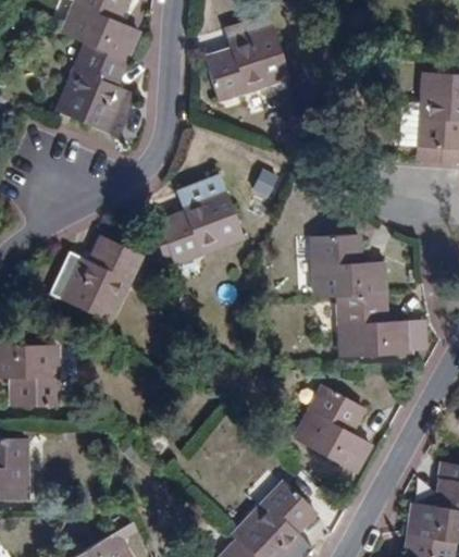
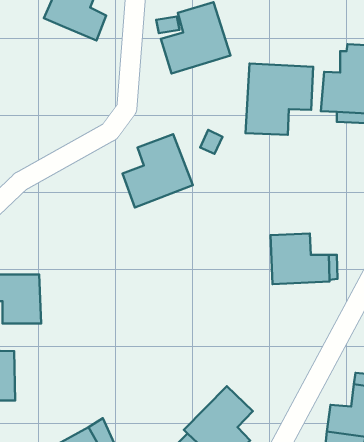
building: [57,42,137,137] -> none
building: none -> [245,63,313,135]
building: [312,234,386,297] -> none
building: [49,236,141,323] -> none
building: [294,385,371,472] -> none

